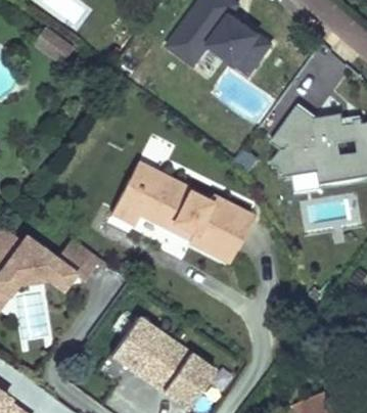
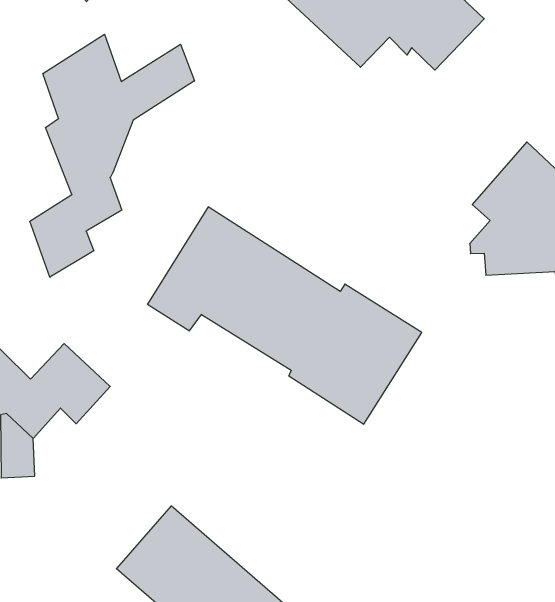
building: none -> [30,34,195,277]

